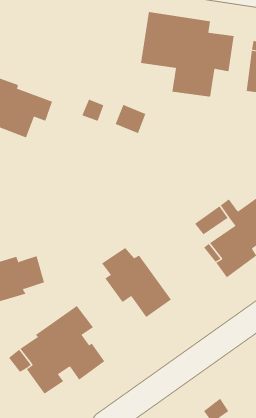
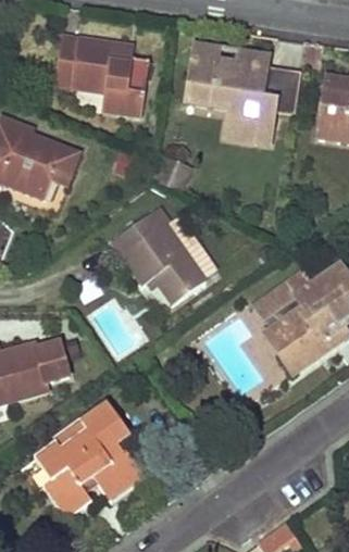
building: none -> [57,37,149,114]
building: [101,247,172,318] -> [117,213,205,301]

